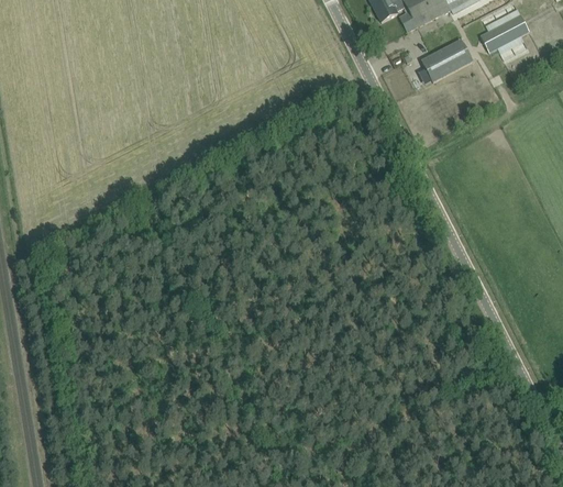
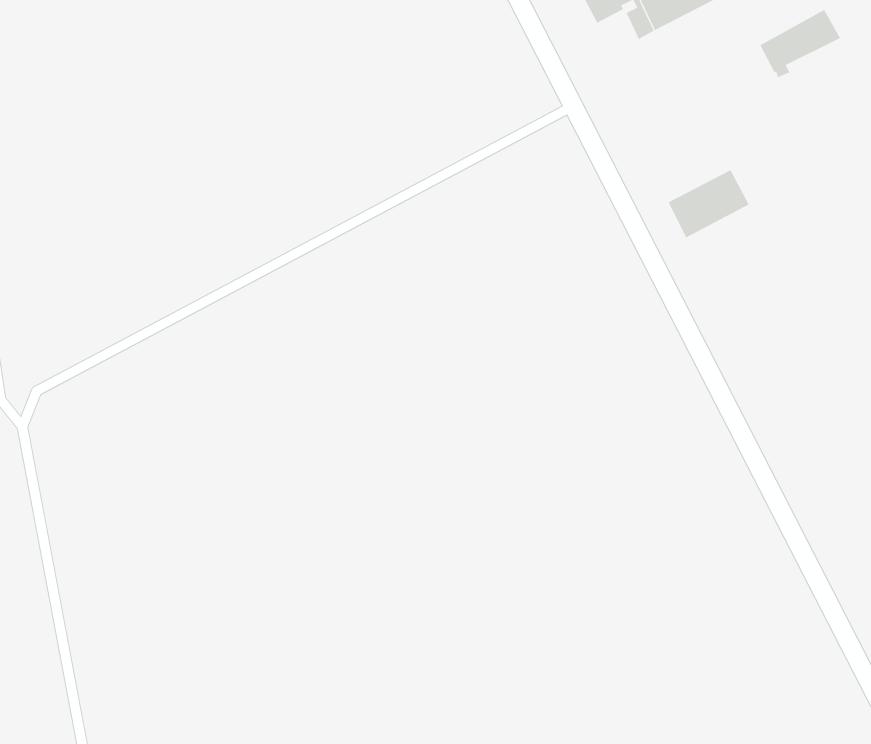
building: [422,40,473,81] -> [668,170,751,238]

